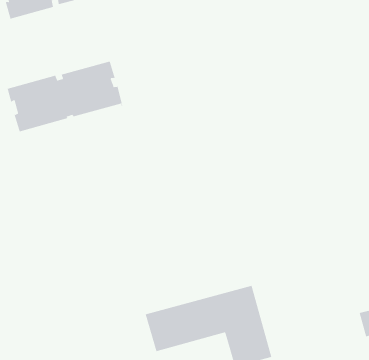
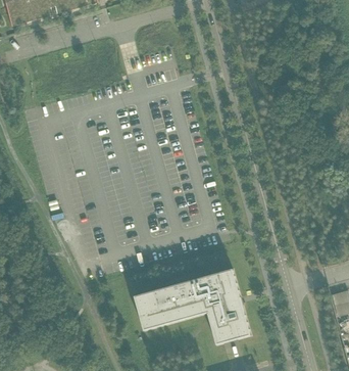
building: [7,58,123,135] -> none

